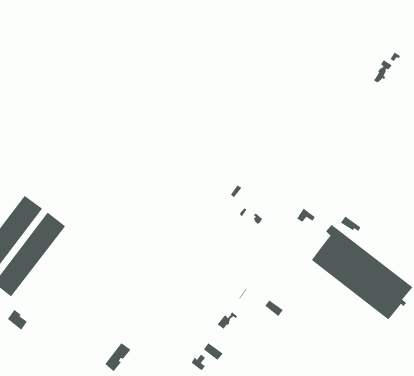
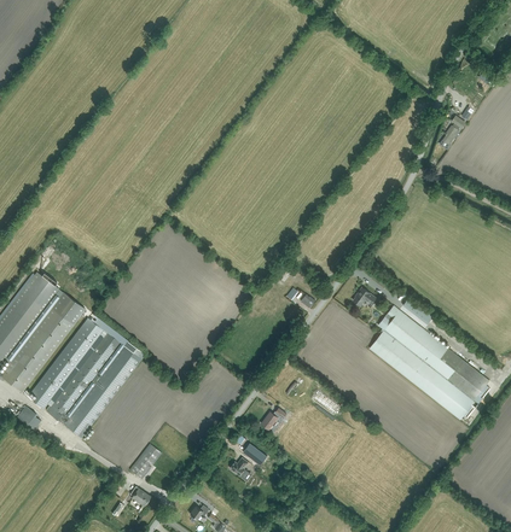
building: none -> [30,316,101,407]
building: none -> [46,331,141,437]

